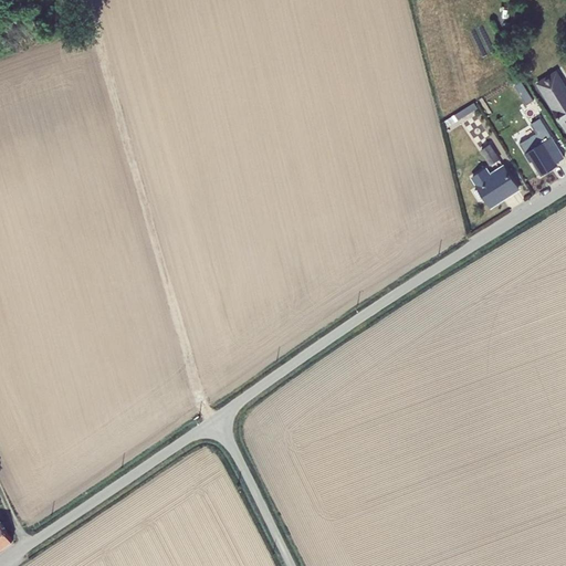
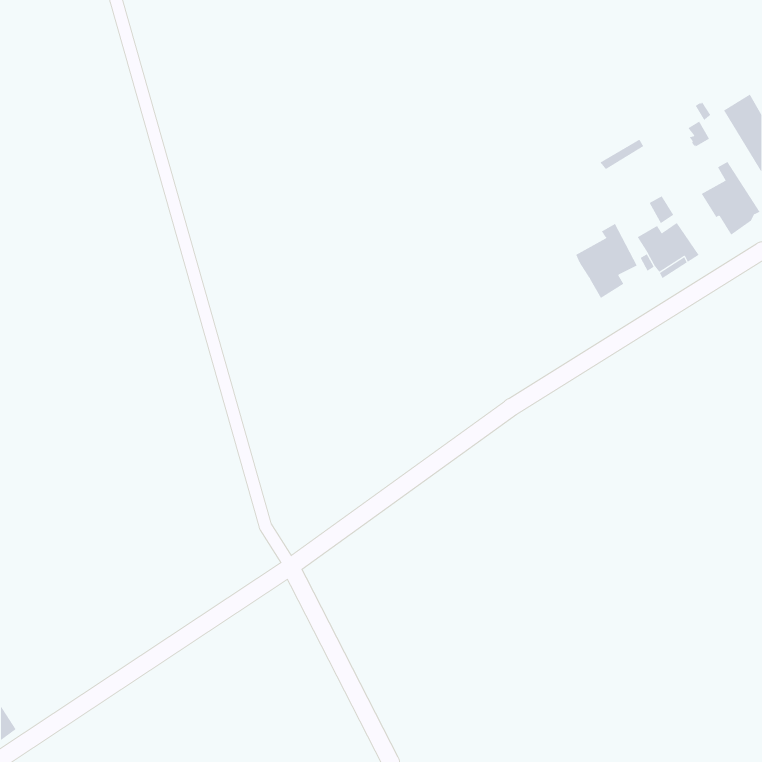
building: none -> [575,223,638,299]

